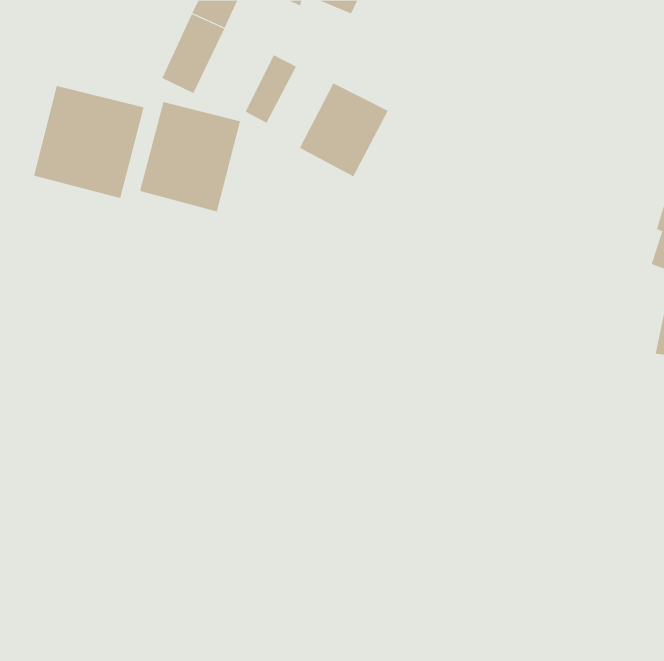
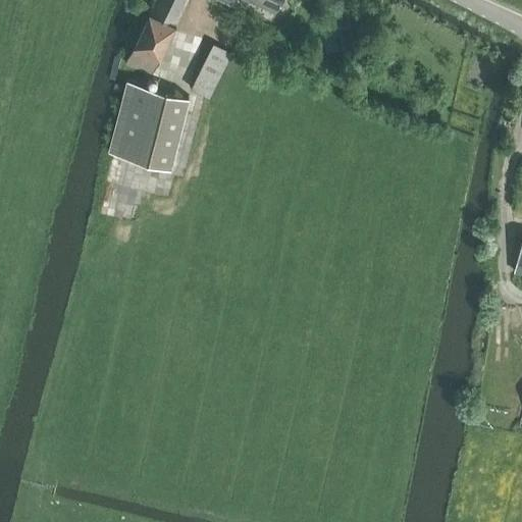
building: [299,82,388,177] -> none
building: [33,85,144,199] -> none

